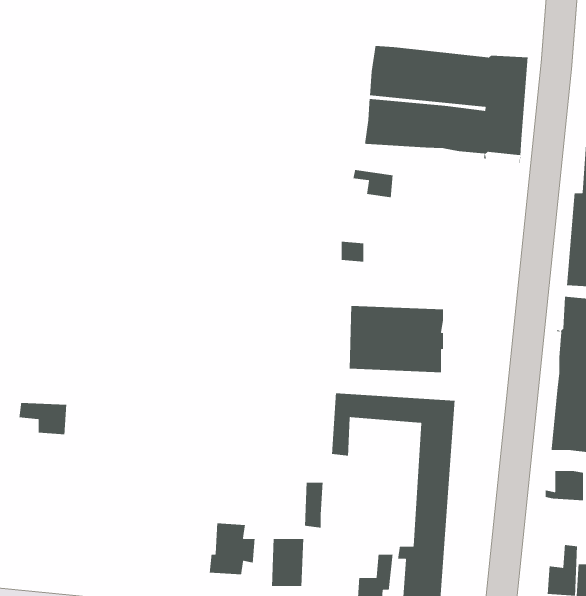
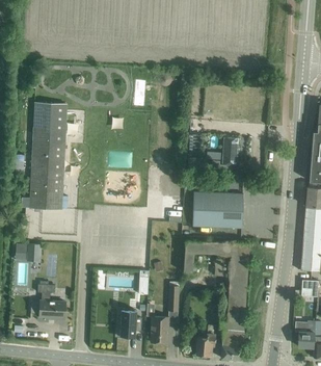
building: [364,45,528,163] -> none
building: none -> [21,103,66,210]
building: none -> [228,137,245,165]
building: none -> [37,282,65,320]

